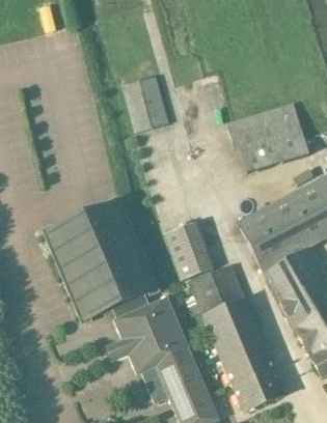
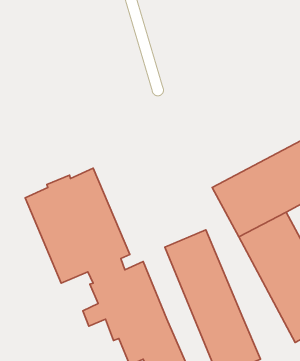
building: [121,76,169,132] -> none
building: [230,103,308,172] -> none
building: [162,221,214,281] -> none

